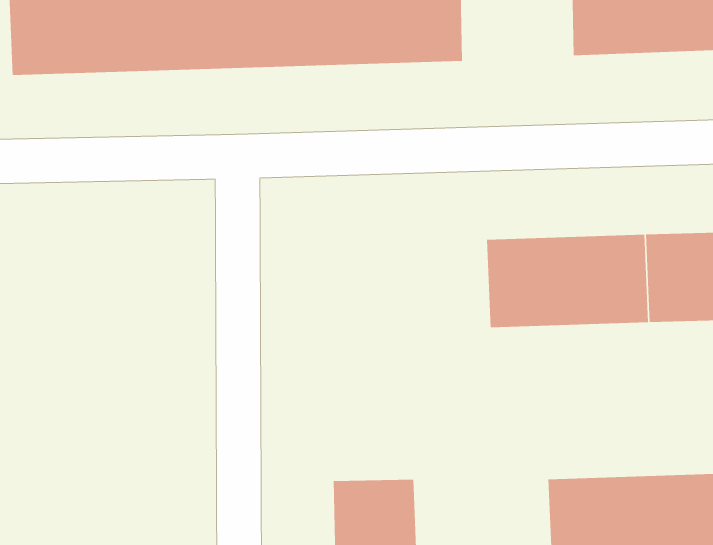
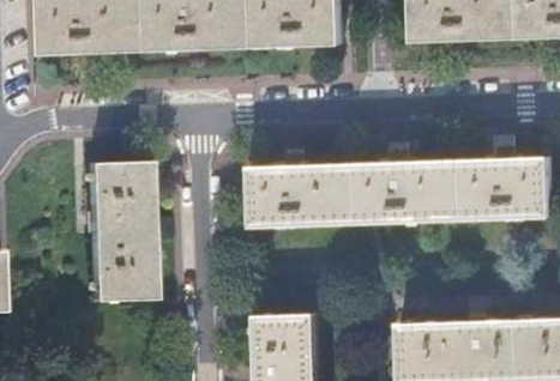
building: none -> [88,162,146,301]
building: none -> [251,164,359,226]

